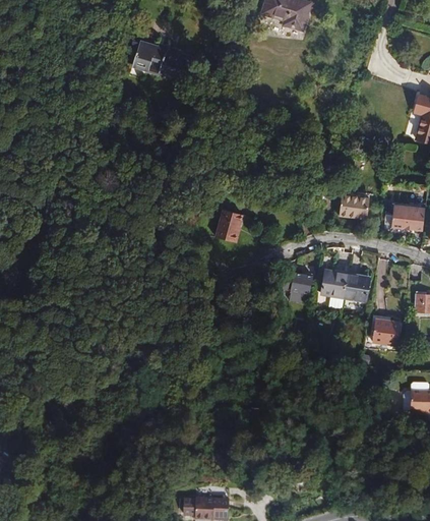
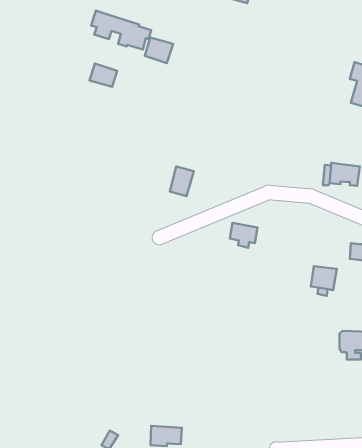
building: none -> [145,38,173,63]
building: none -> [89,64,117,87]
building: [339,191,369,220] -> none
building: [320,270,370,302] -> none

